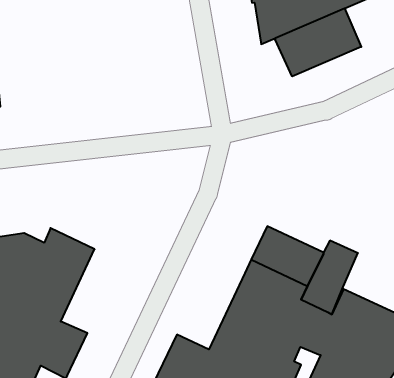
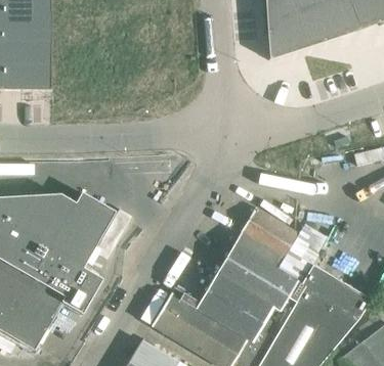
building: [275,8,361,76] -> none

